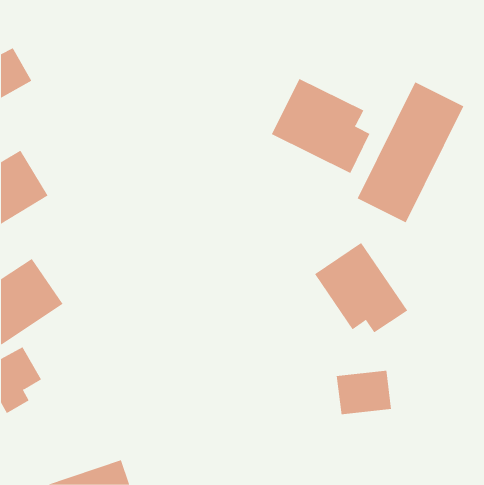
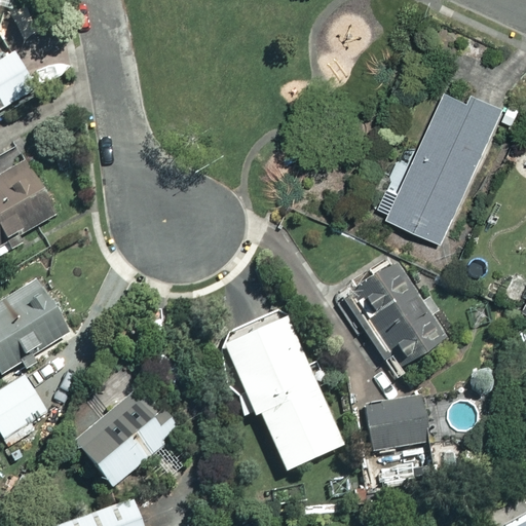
building: [271,78,370,174] -> none
building: none -> [218,309,344,467]
building: none -> [73,384,177,485]

